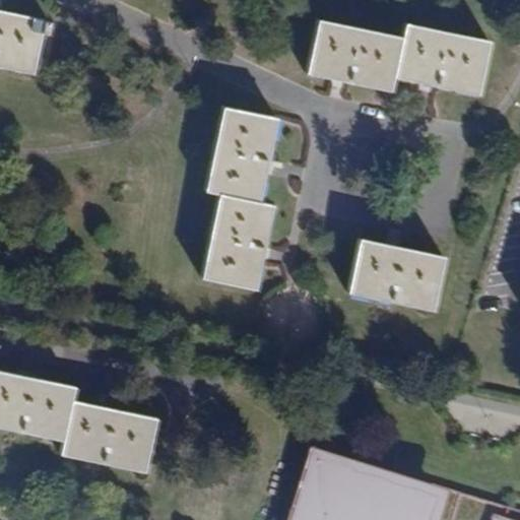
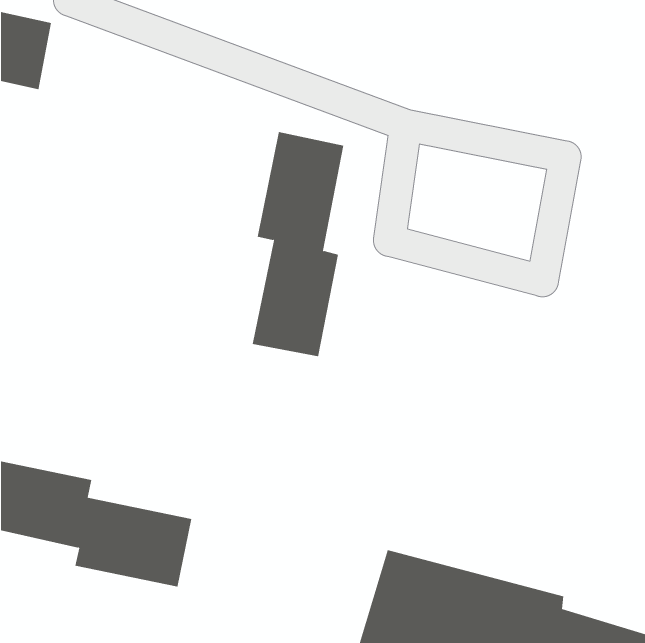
building: [309,21,490,96] -> none
building: [349,241,444,312] -> none

